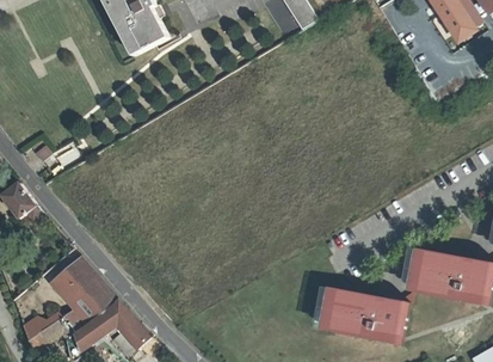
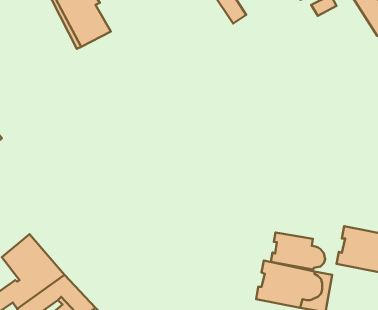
building: none -> [271,233,325,270]

